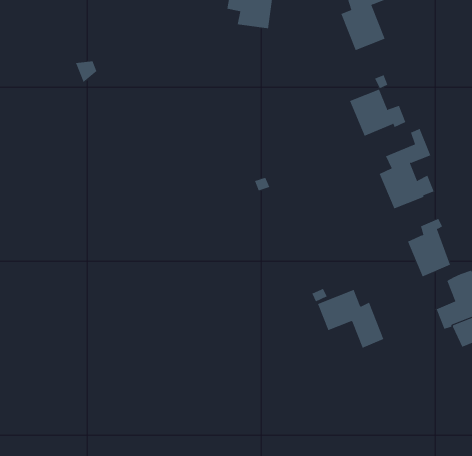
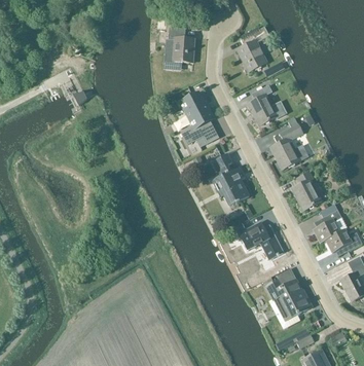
building: none -> [180,90,214,145]
building: none -> [212,152,249,203]
building: none -> [266,278,312,318]

